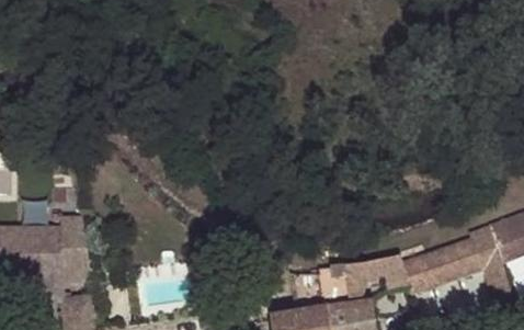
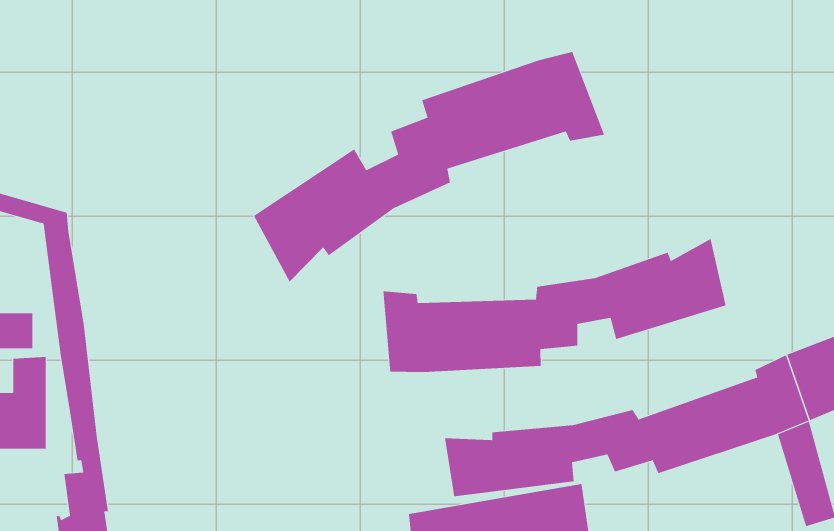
building: none -> [253,51,605,282]
building: none -> [383,238,726,373]

